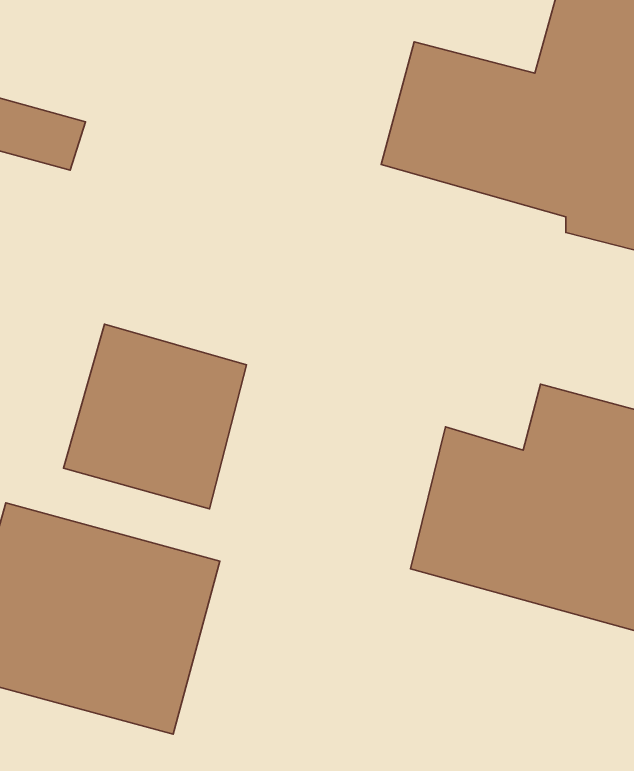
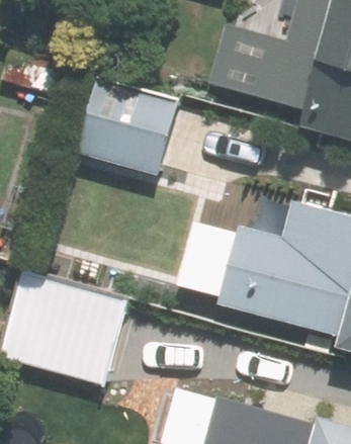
building: [64,324,246,509] -> [82,75,177,171]

